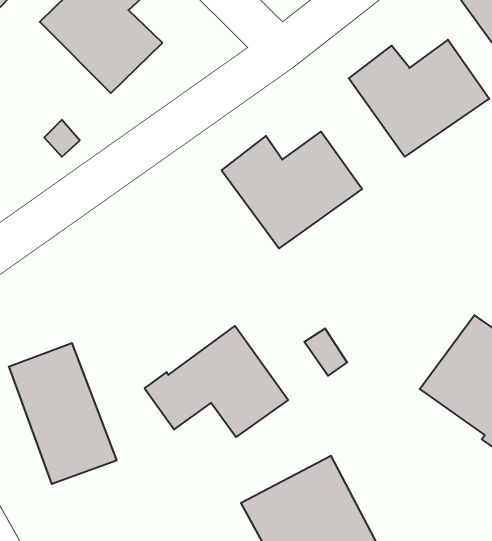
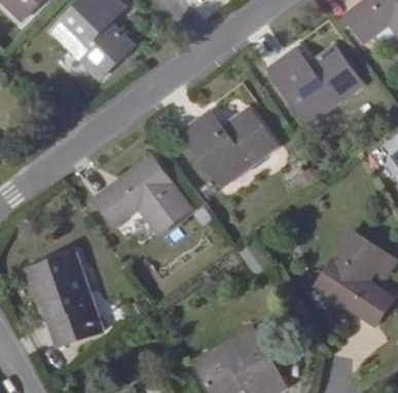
building: [145,326,288,437] -> [92,156,191,233]

